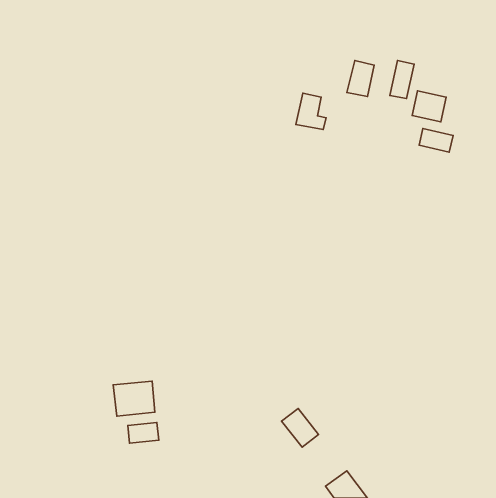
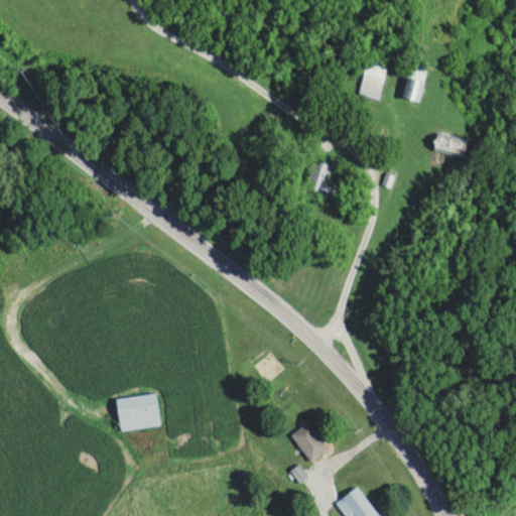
building: [412,91,446,122] -> none
building: [296,93,326,129] -> [306,160,338,198]
building: [128,423,159,443] -> none

